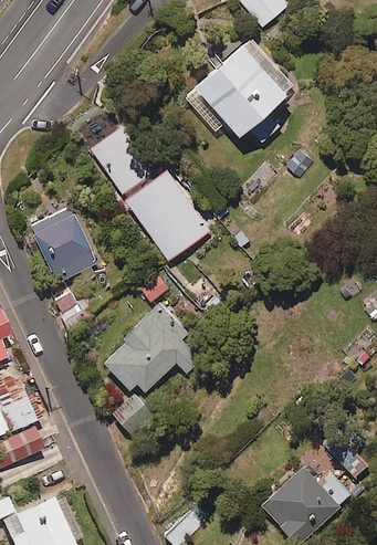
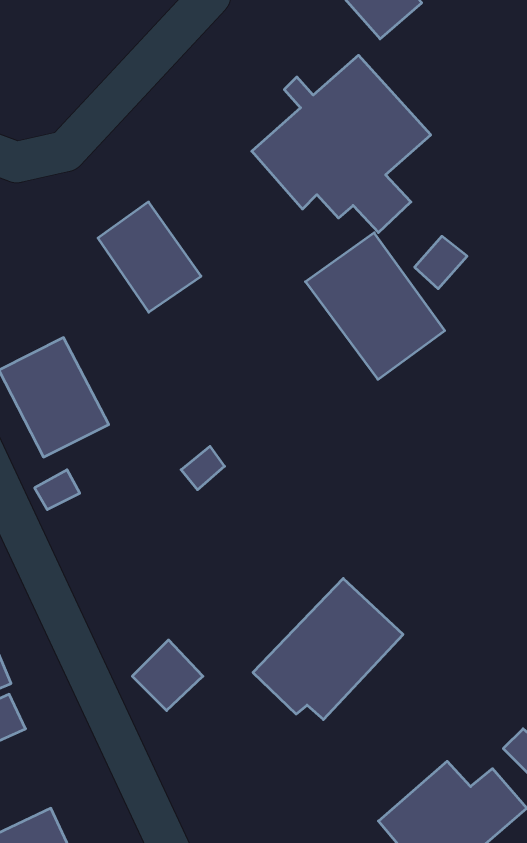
building: [123,170,208,260] -> [305,233,445,379]
building: [102,305,193,391] -> [253,578,403,720]

